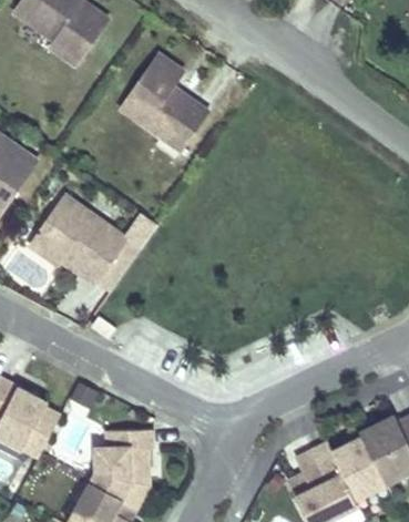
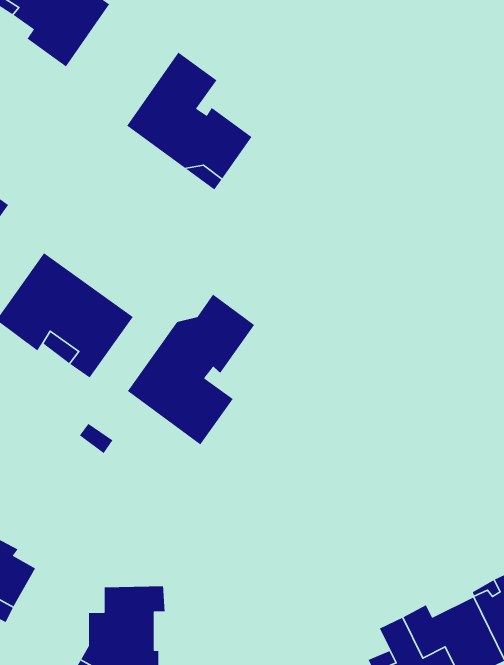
building: none -> [127,294,255,446]

